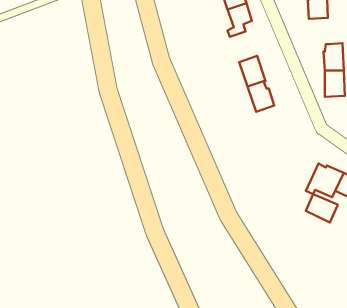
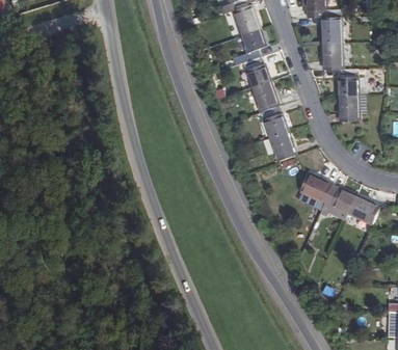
building: none -> [322,44,342,70]
building: none -> [244,57,271,87]
building: none -> [270,130,297,161]
building: [306,194,337,223] -> [300,176,331,204]

